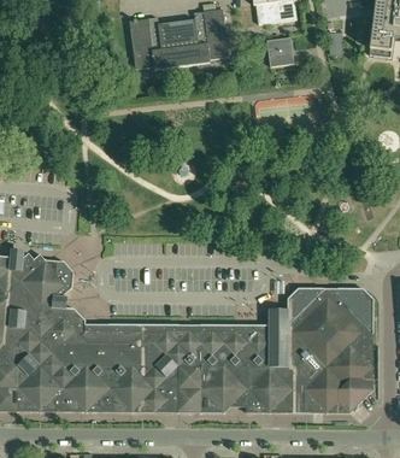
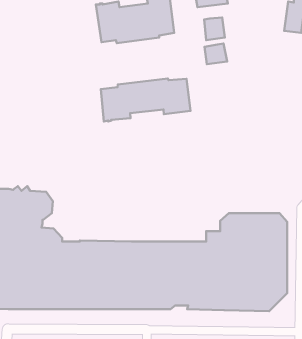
building: none -> [204,44,227,64]
building: none -> [101,79,190,122]

